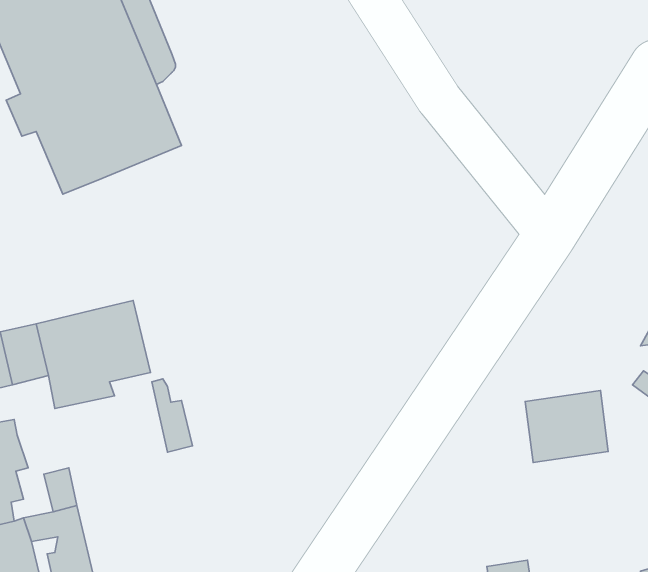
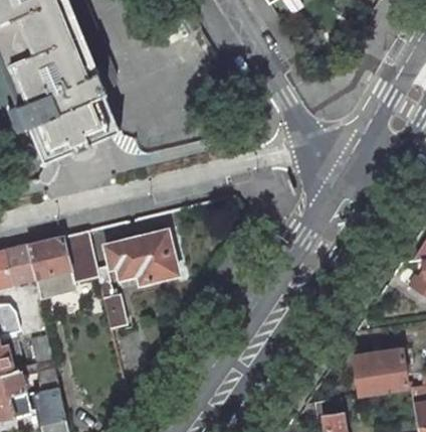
building: none -> [103,230,176,287]
building: [525,390,608,462] -> [353,349,406,396]

